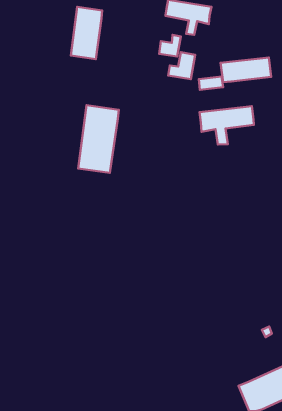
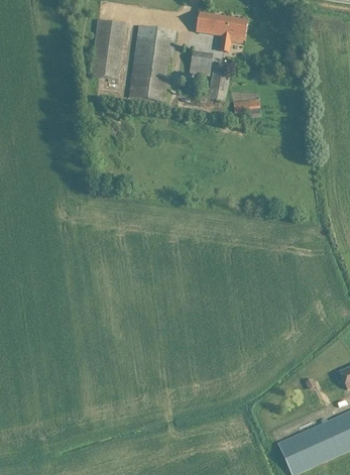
building: [221,58,271,82] -> none
building: [78,105,119,173] -> [130,24,176,100]
building: [199,106,254,145] -> none

